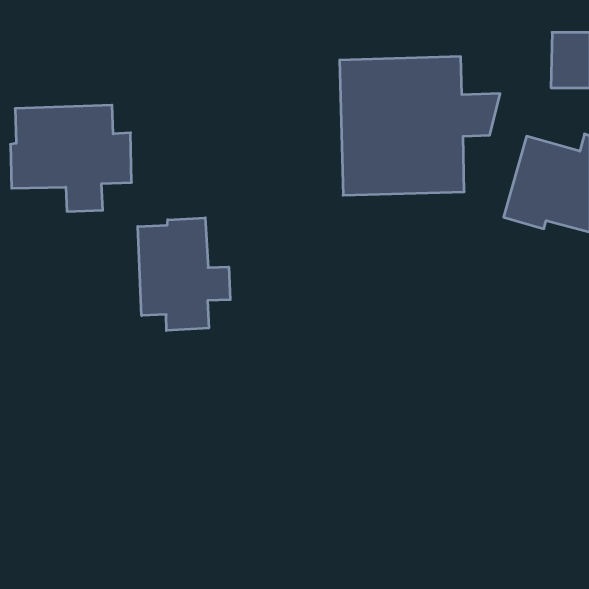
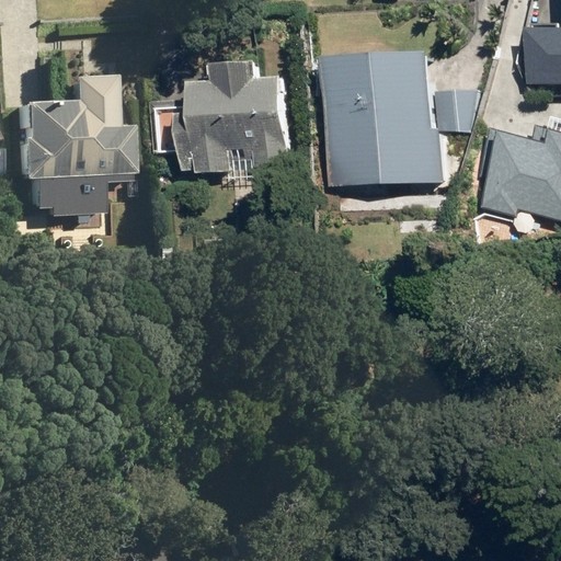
building: none -> [149,78,295,173]
building: [138,218,230,331] -> none

